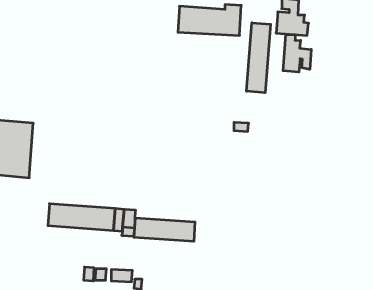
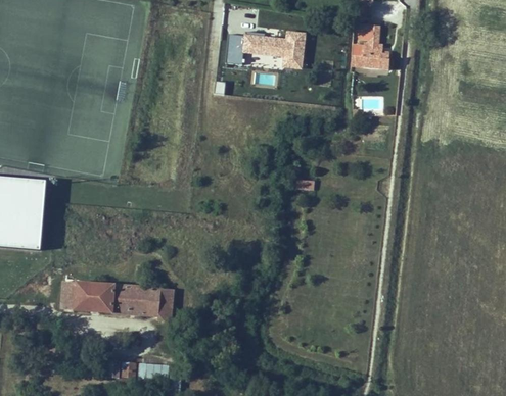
building: [247,23,271,93] -> none
building: [283,35,311,72] -> none
building: [134,218,195,241] -> none

